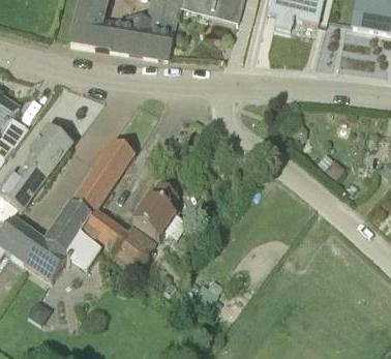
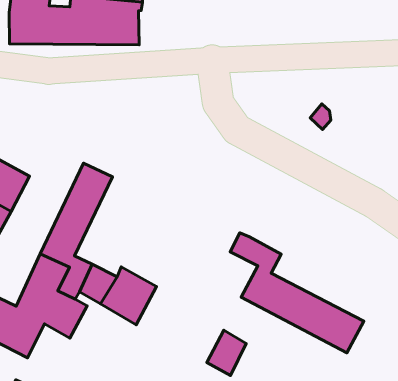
building: [132,182,178,238] -> none
building: none -> [230,233,364,353]

